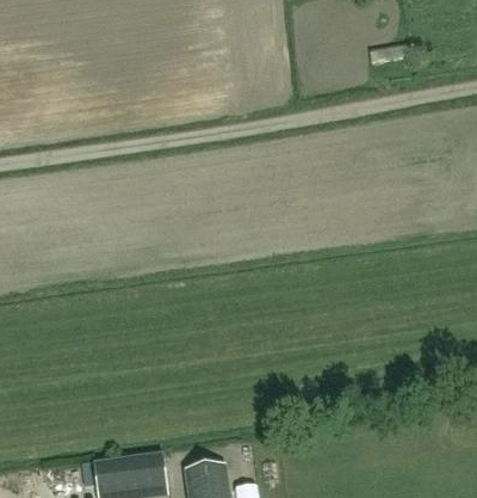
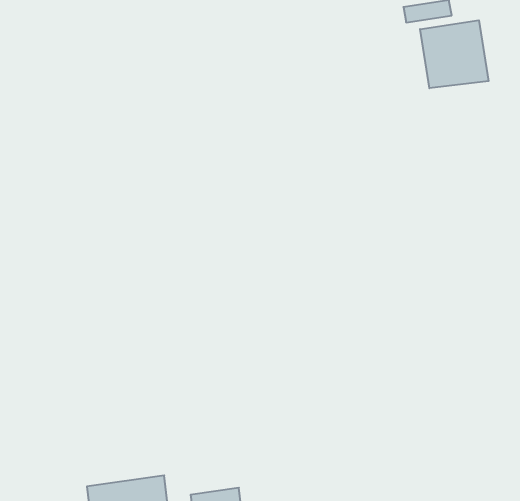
building: none -> [420,20,489,88]

